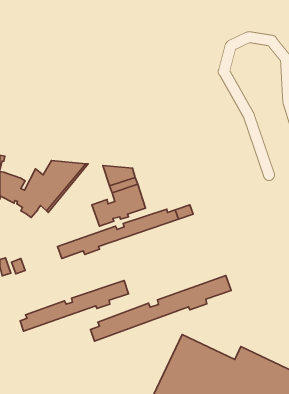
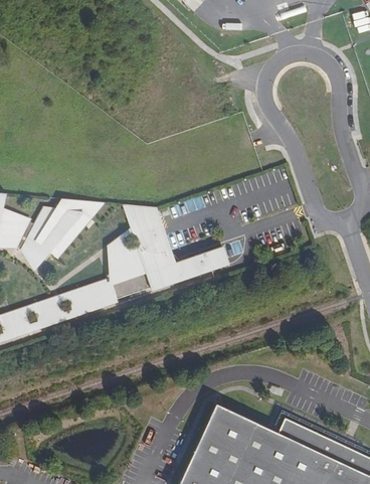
building: none -> [35,304,60,329]
building: [91,275,231,341] -> none
building: [20,281,129,331] -> none

